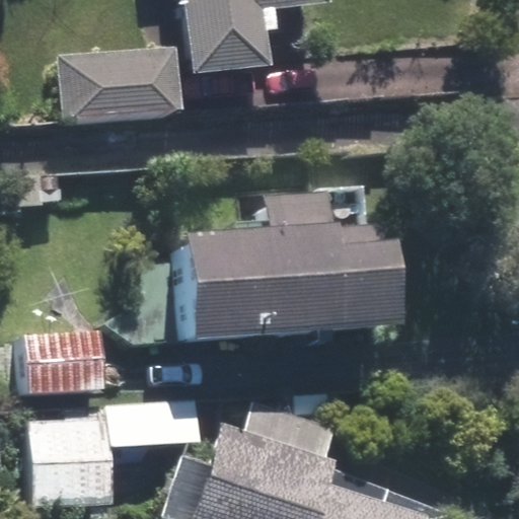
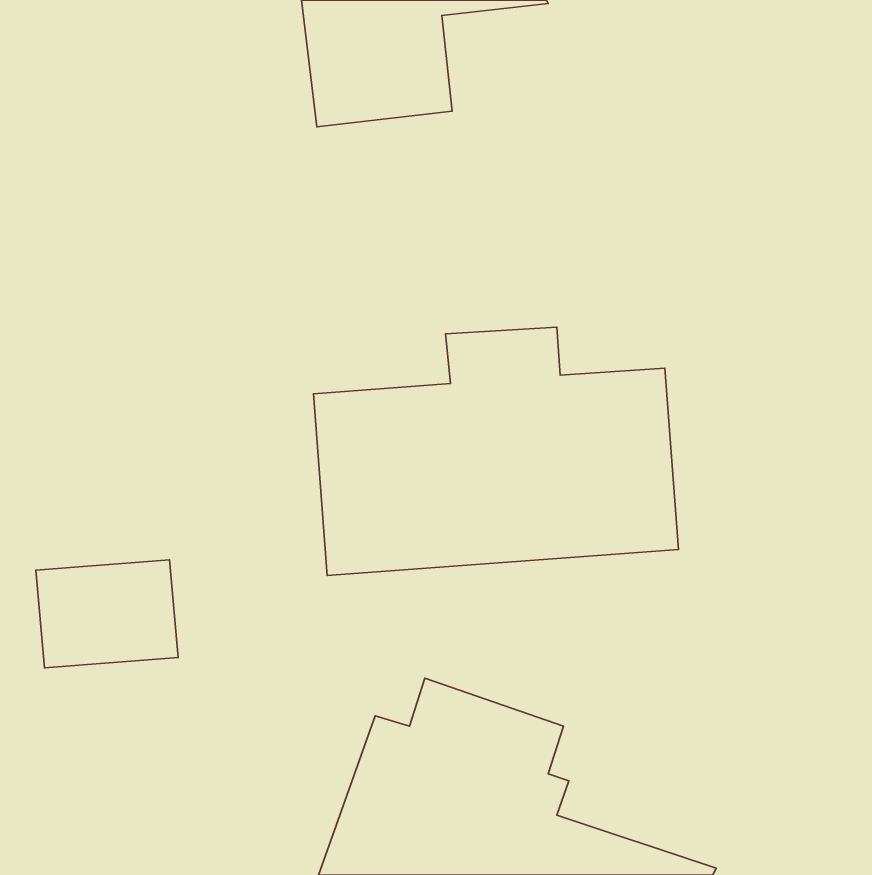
building: [57,48,183,117] -> none
building: [25,401,200,509] -> none

